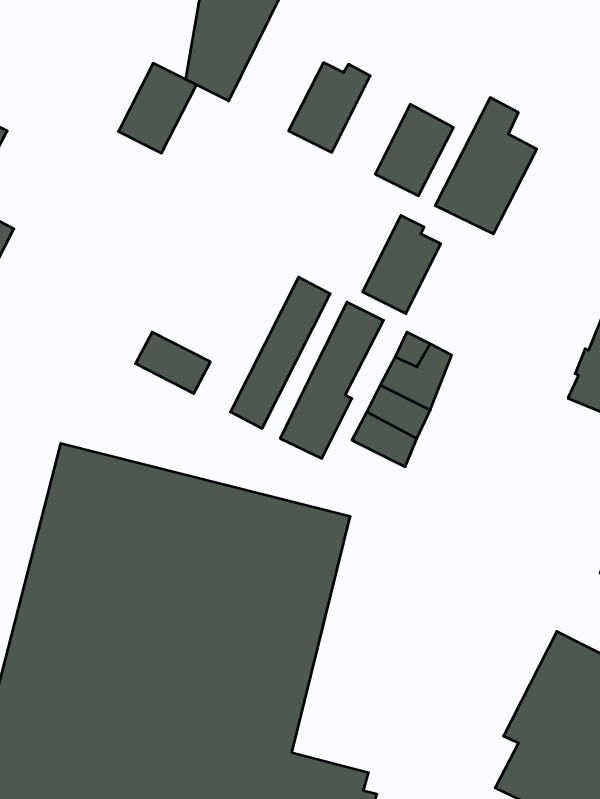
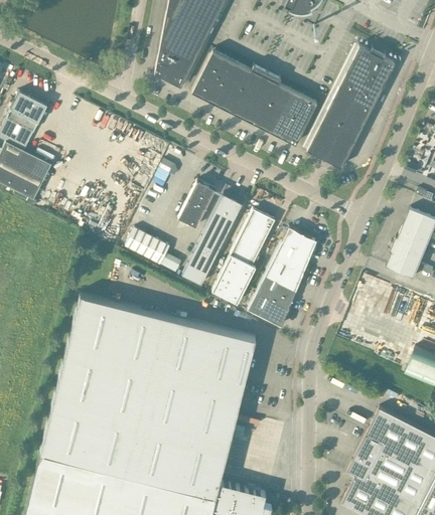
building: none -> [339,46,394,117]
building: [118,63,197,153] -> [191,51,239,106]
building: [363,215,441,314] -> [244,72,291,132]
building: none -> [178,182,215,229]
building: none -> [248,293,288,327]

